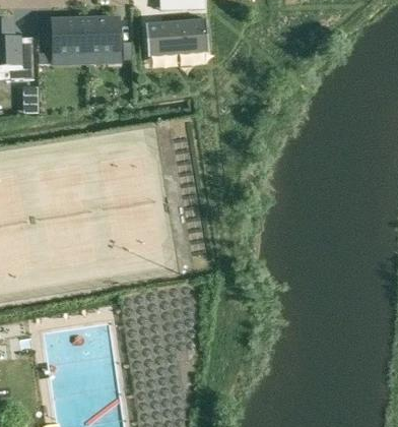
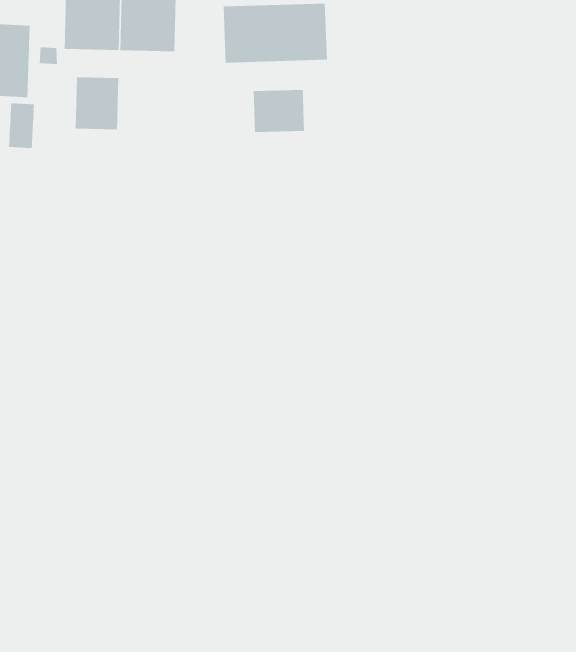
building: none -> [75,77,119,130]
building: none -> [253,89,305,133]

